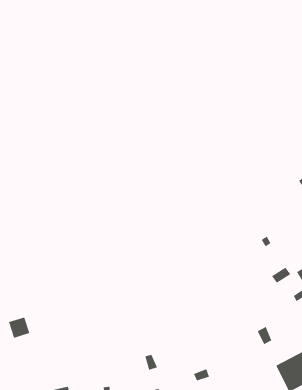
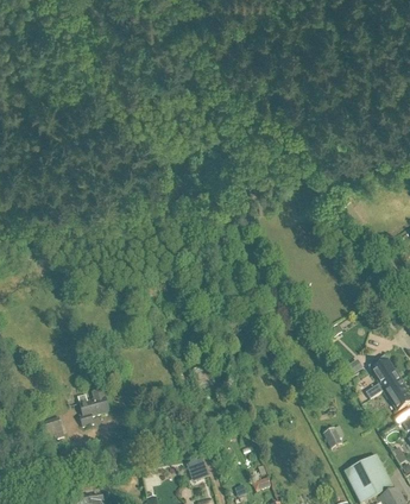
building: none -> [77,389,107,426]

